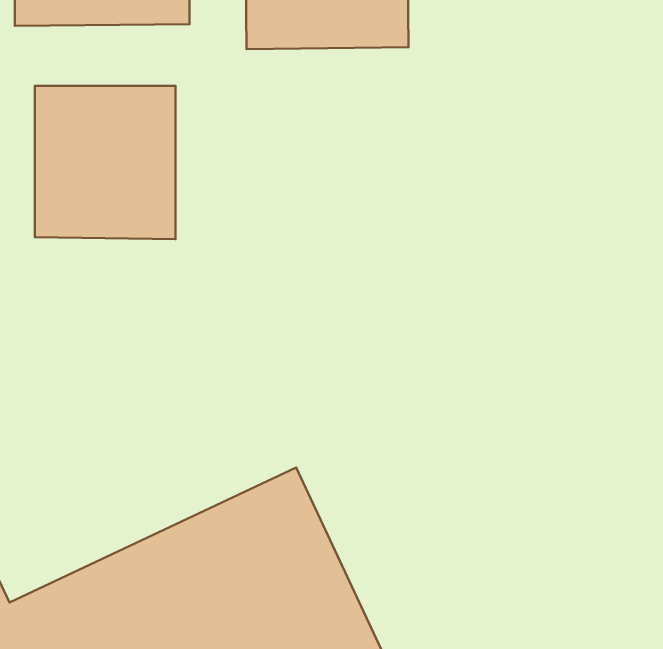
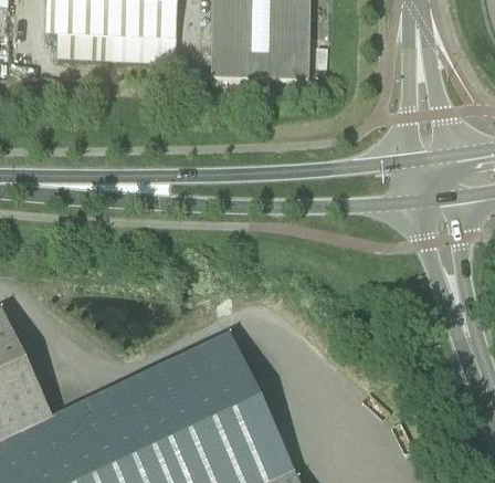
building: [35,86,176,239] -> none

